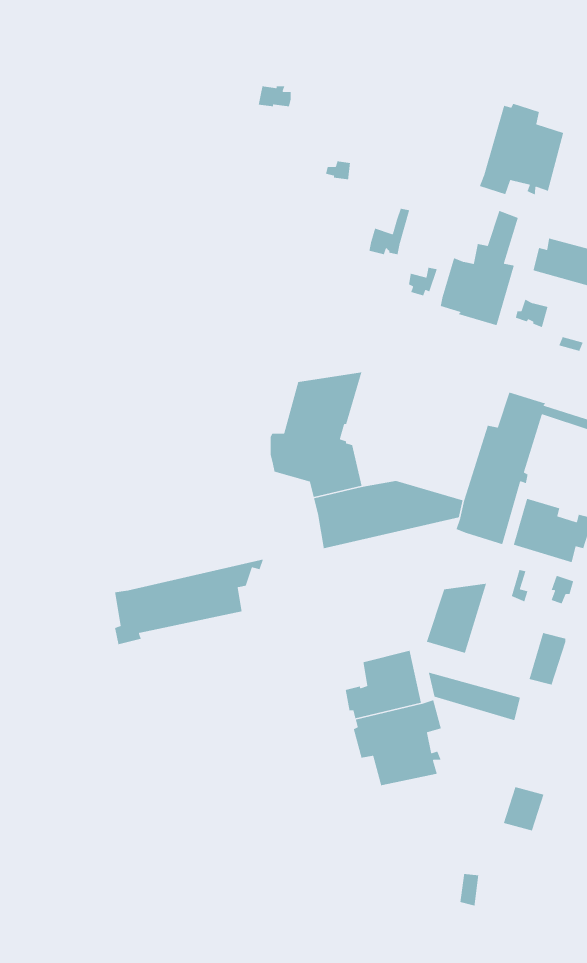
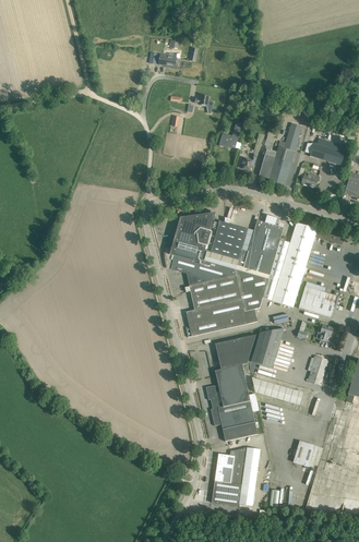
building: [479,103,564,196] -> none
building: none -> [211,219,285,282]
building: [114,558,264,645] -> [187,292,270,340]
building: none -> [215,334,256,372]
building: none -> [212,446,261,506]

